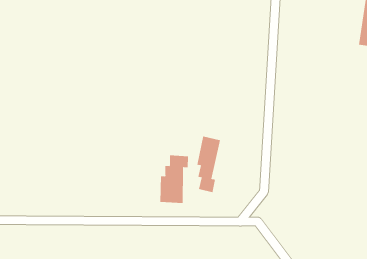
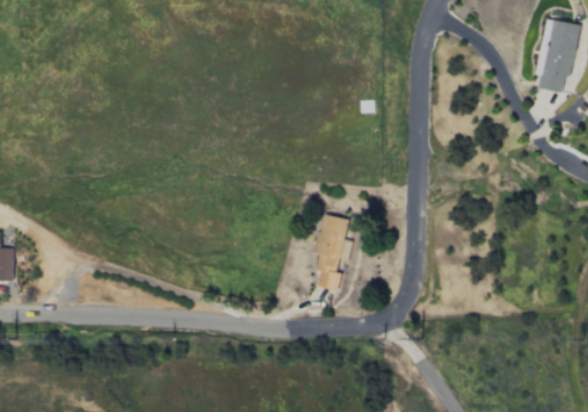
building: [160,155,189,204] -> none

